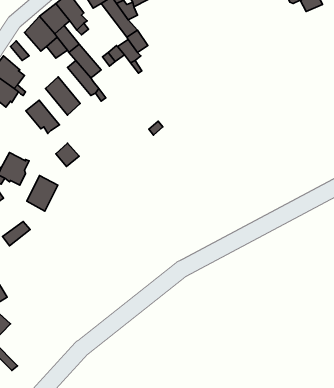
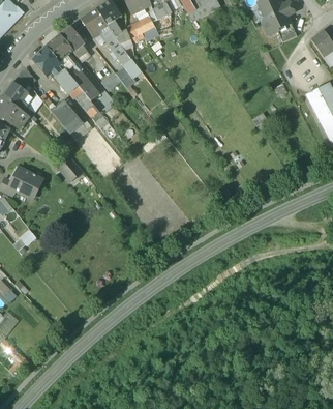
building: [26,100,60,134] -> none
building: [27,175,58,211] -> none

